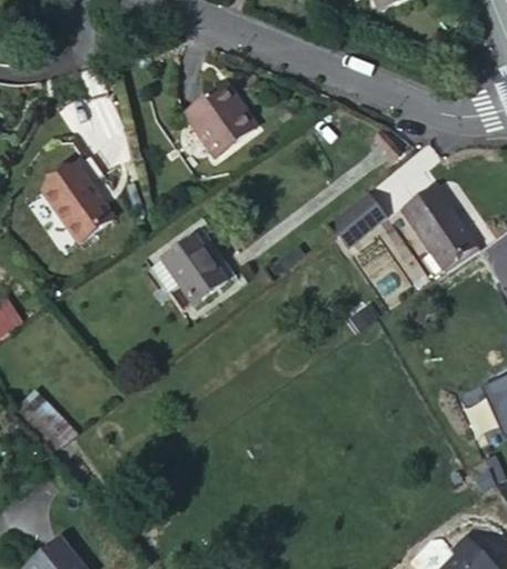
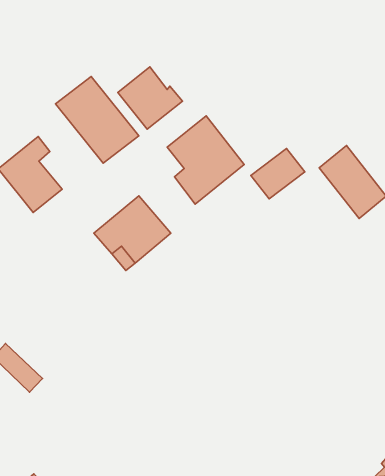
building: none -> [55,77,139,163]
building: none -> [167,116,244,204]

